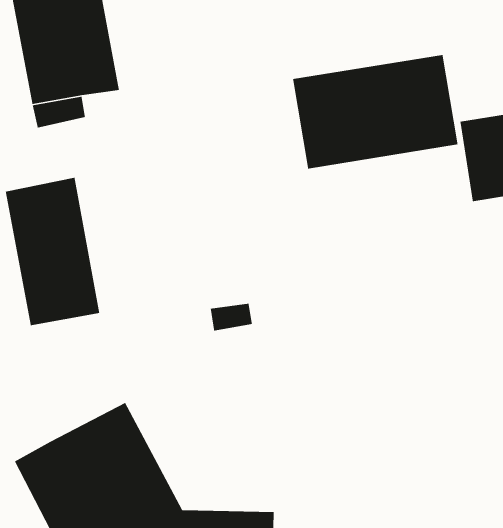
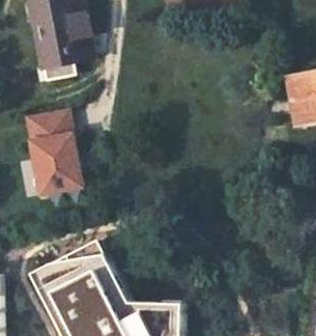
building: [292,54,458,169] -> none

